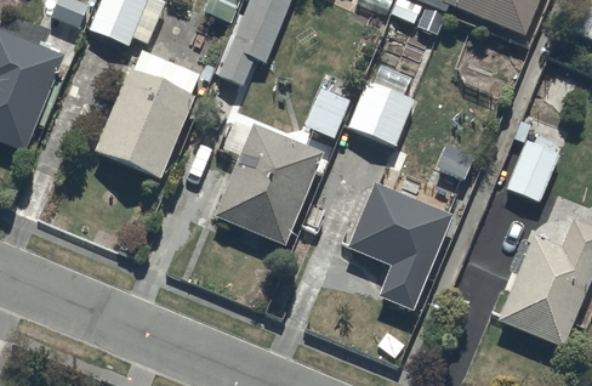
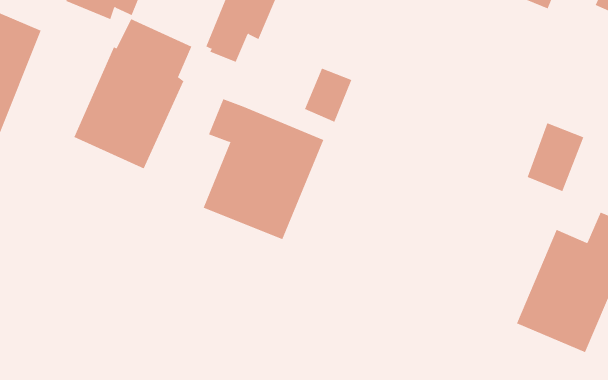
building: [349,69,421,146] -> none
building: [347,182,452,310] -> none

